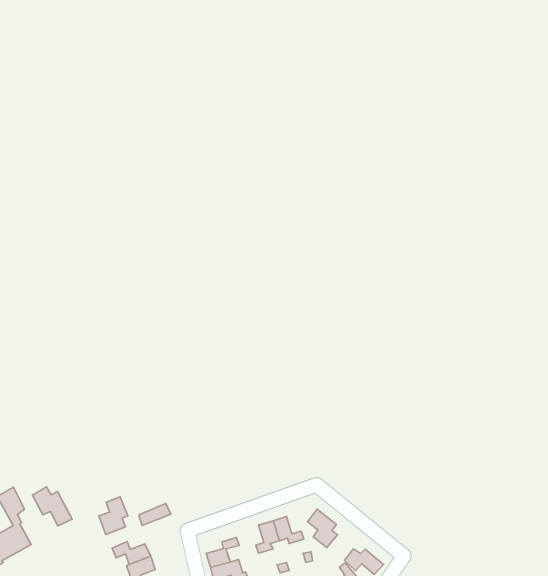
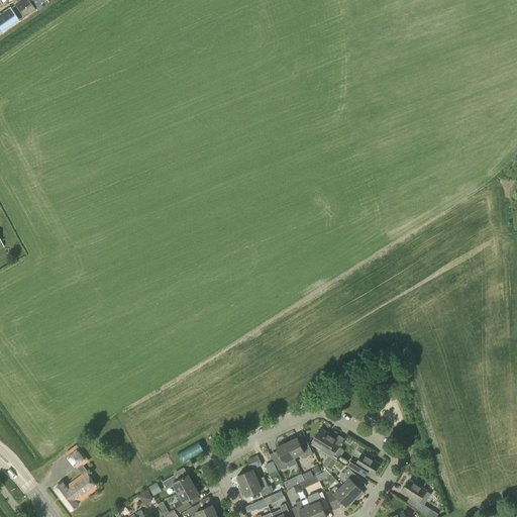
building: [32,487,72,526] -> none
building: [99,497,128,534] -> none

